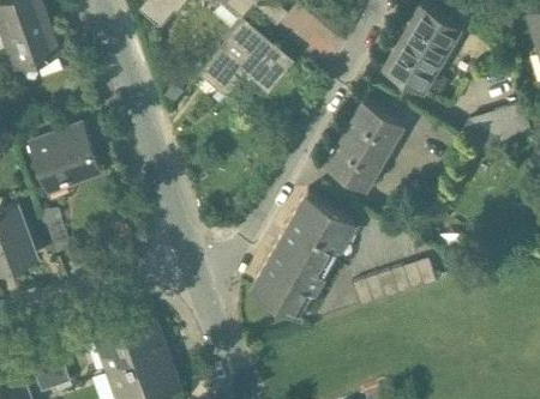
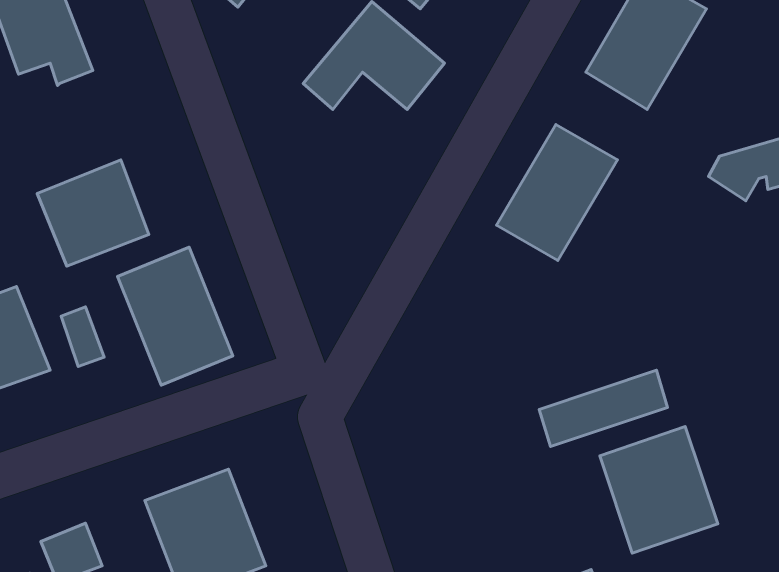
building: none -> [118,247,233,385]
building: [253,192,355,314] -> none
building: none -> [600,427,718,553]

